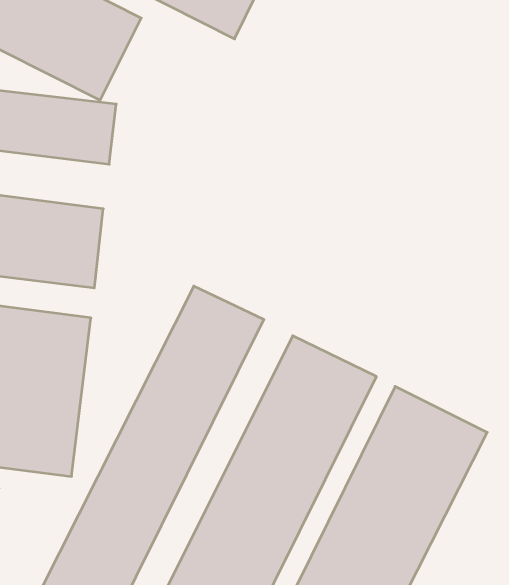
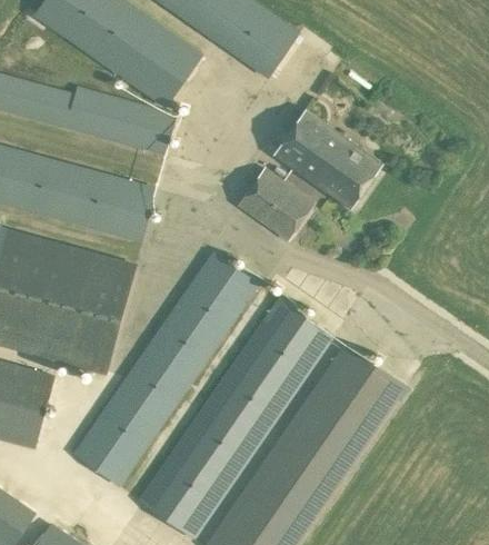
building: none -> [275,111,380,208]
building: none -> [236,166,313,241]

